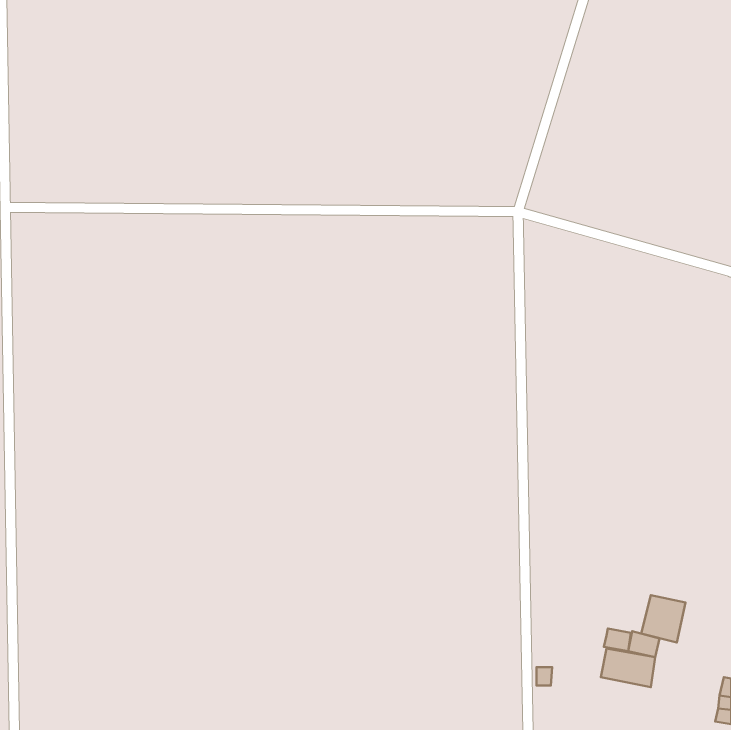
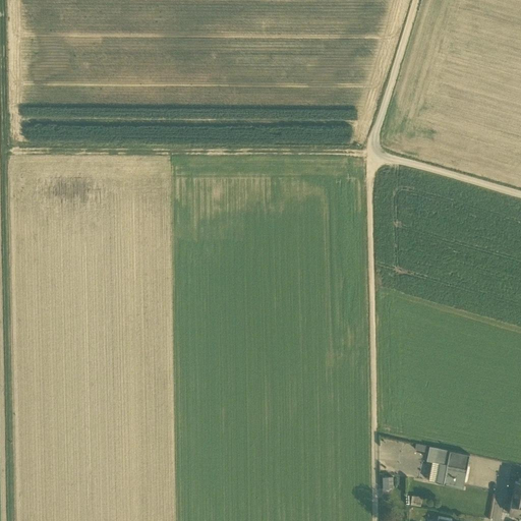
building: [641,595,685,643] -> none

